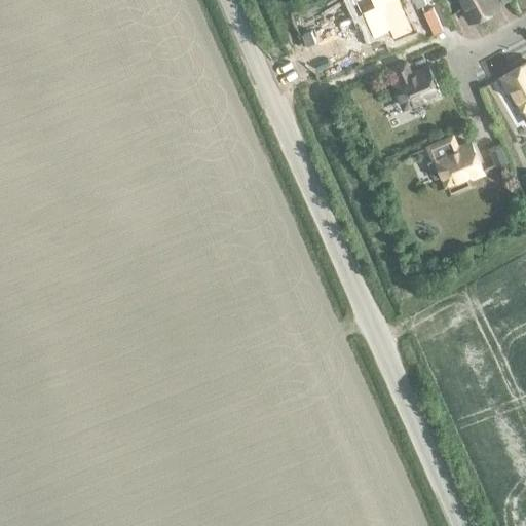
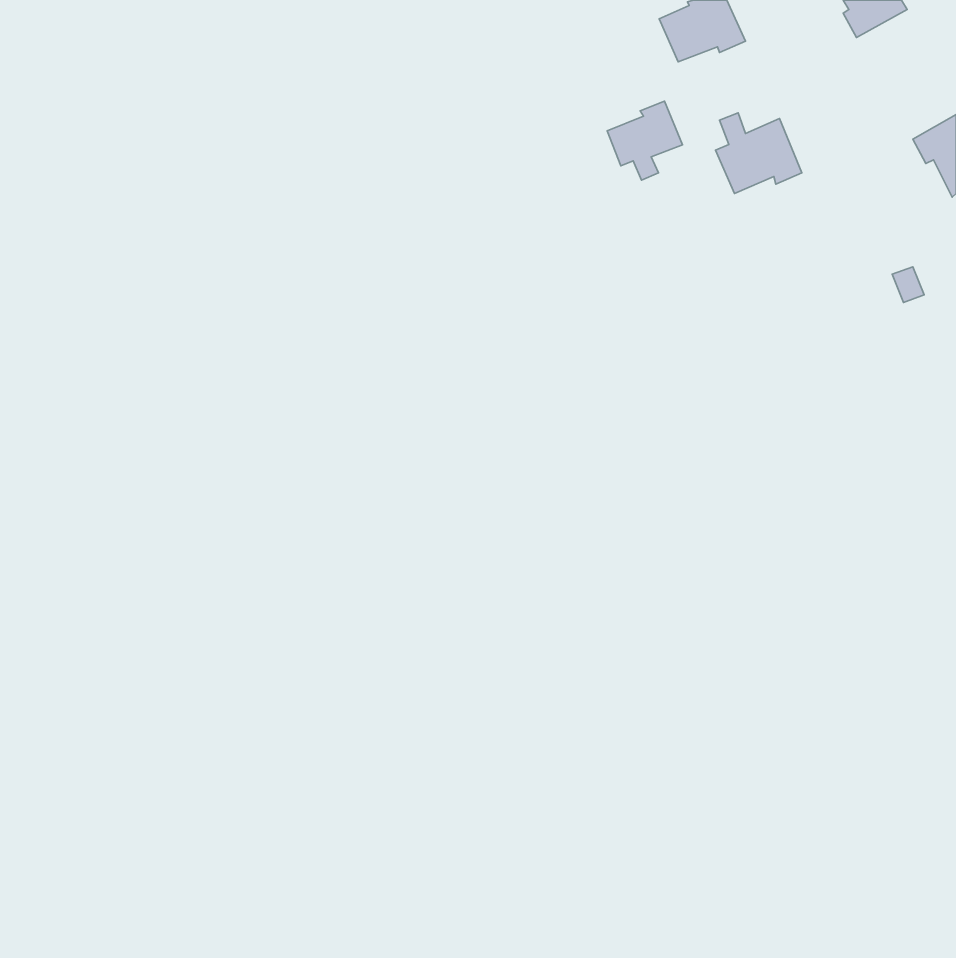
building: none -> [607,101,682,180]
building: [426,138,481,184] -> none

